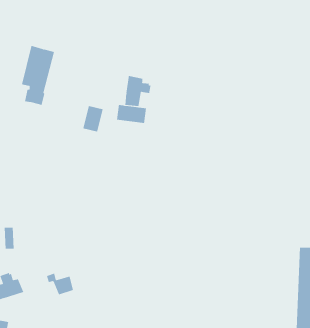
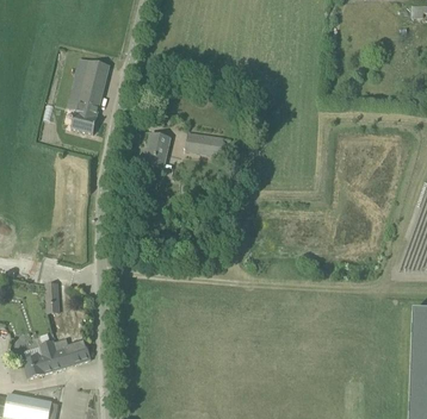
building: [125,75,151,107] -> none
building: [46,273,74,295] -> [55,337,89,364]

